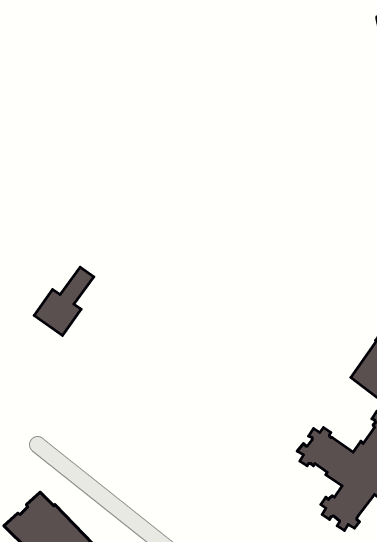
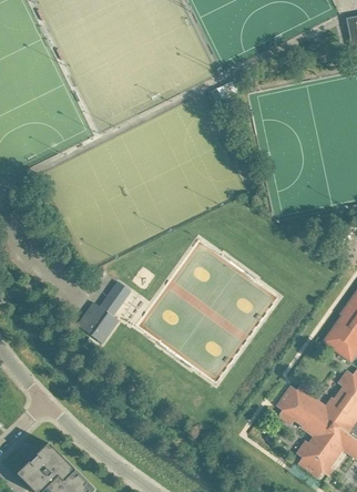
building: [34,267,94,335] -> [75,283,129,344]

